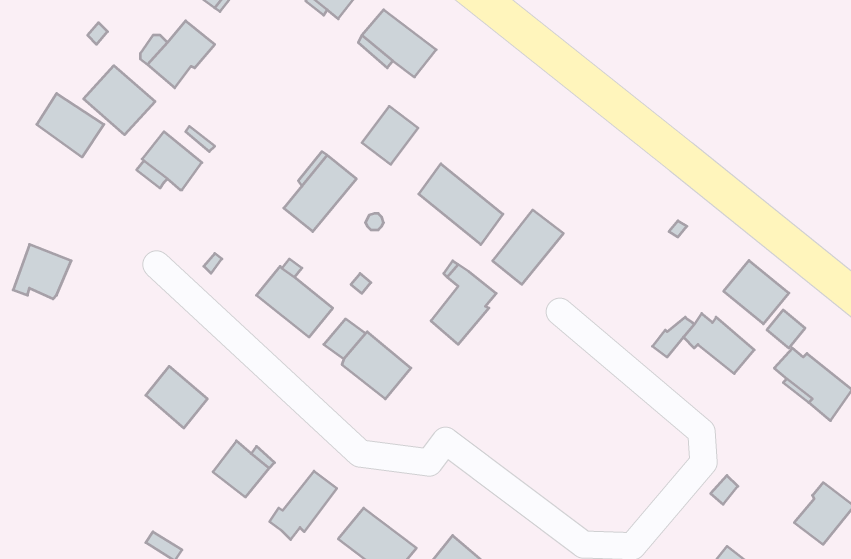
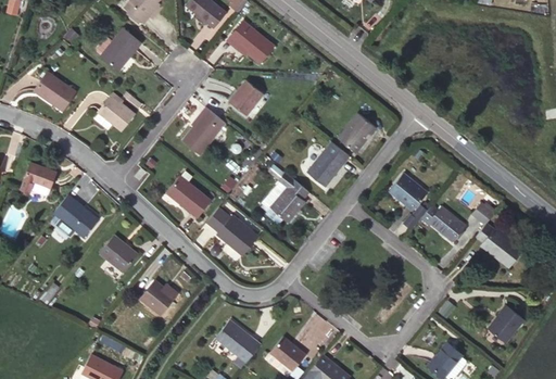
building: [84,66,155,135] -> none
building: none -> [338,112,376,152]
building: [419,164,503,245] -> none
building: [724,260,789,324] -> [389,172,428,210]
building: none -> [53,194,99,237]
building: [270,471,337,540] -> none

